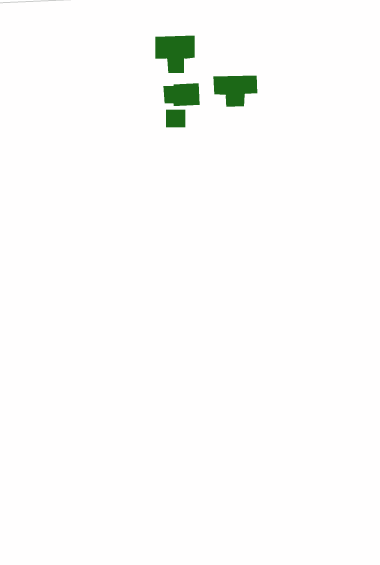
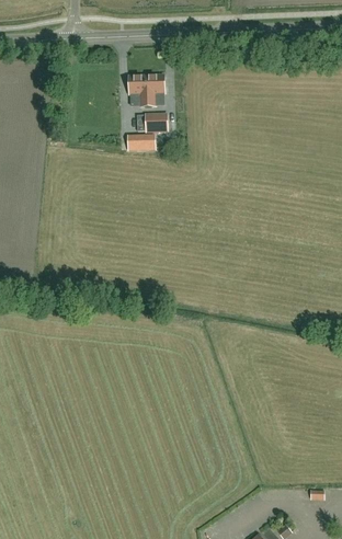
building: [213,75,258,108] -> none

